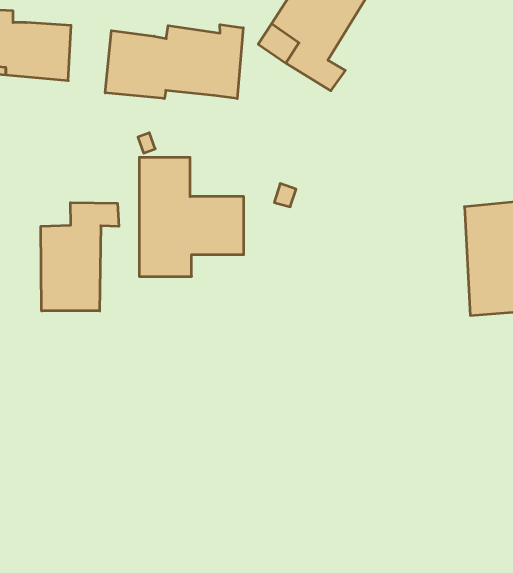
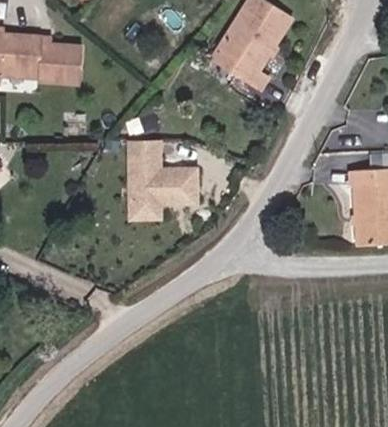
building: [105,25,243,99] -> none
building: [41,203,119,311] -> none

